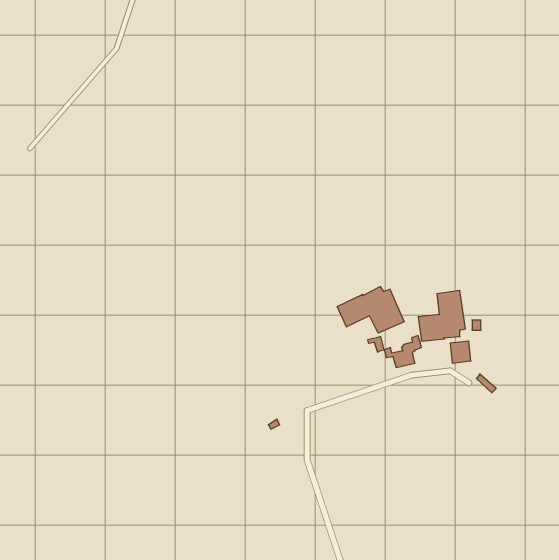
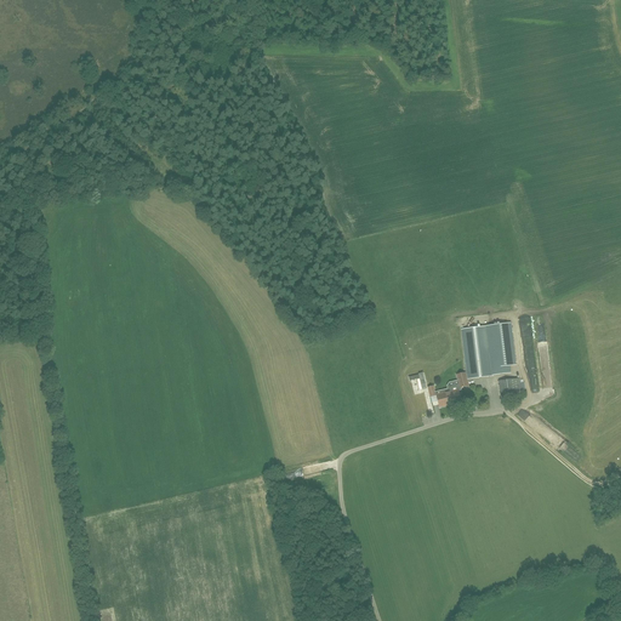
building: [337,287,404,333] -> none

